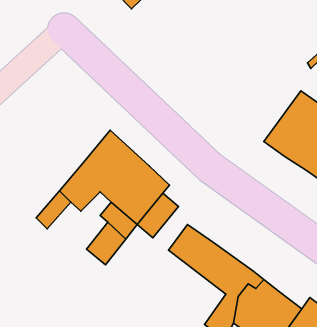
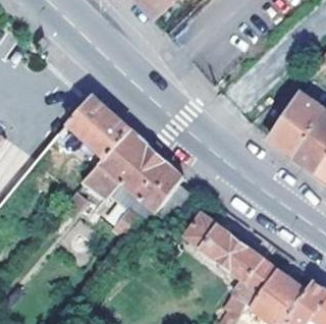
building: none -> [49,95,129,157]

